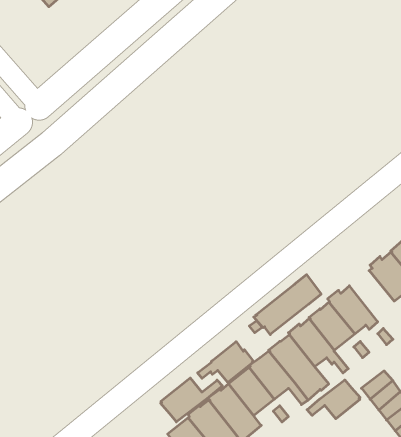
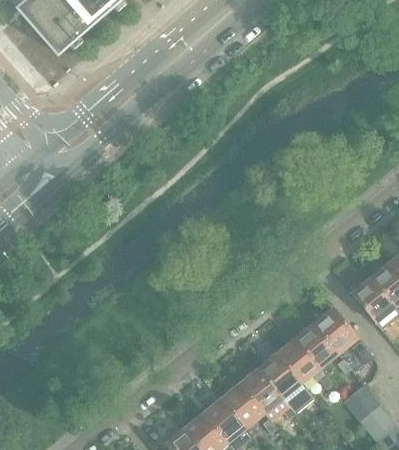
building: [254,275,321,335] -> none
building: [198,342,253,382] -> none
building: [161,378,222,422] -> none
building: [307,380,360,419] -> none

